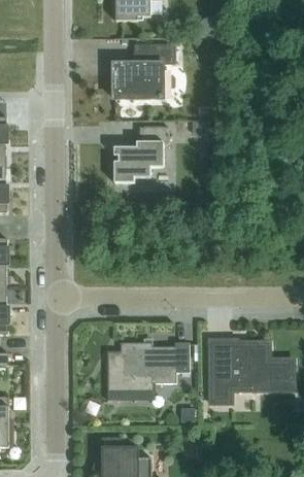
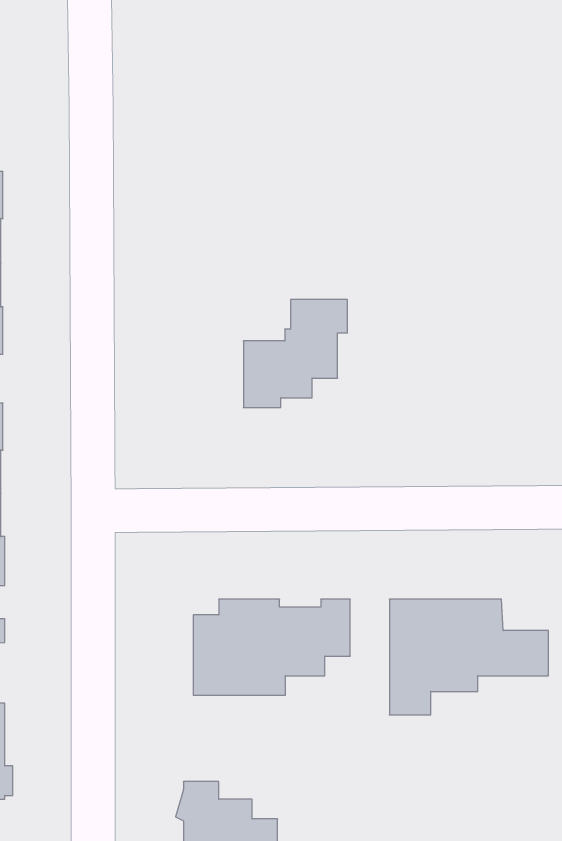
building: [112,44,174,99] -> none
building: [113,127,168,183] -> [243,300,347,408]

